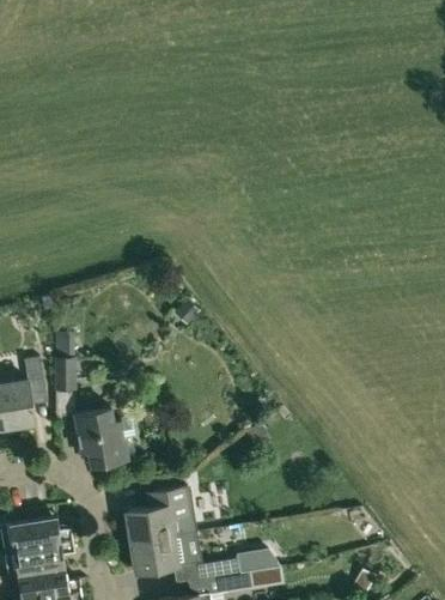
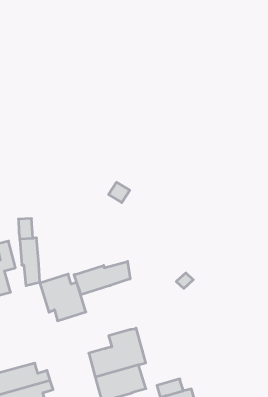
building: none -> [74,261,130,295]
building: [237,550,280,572] -> none

